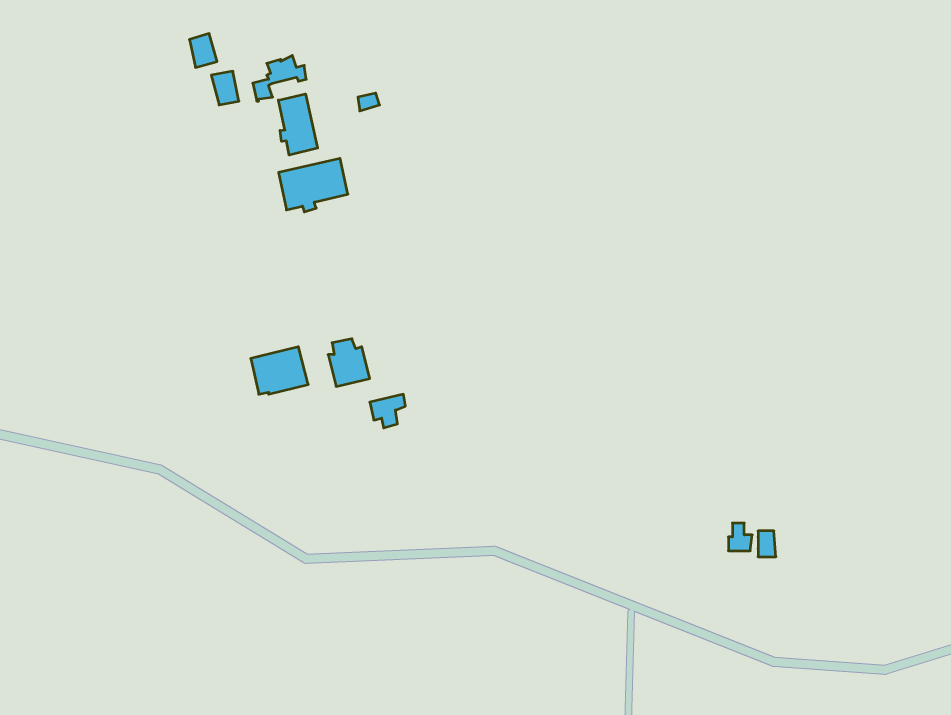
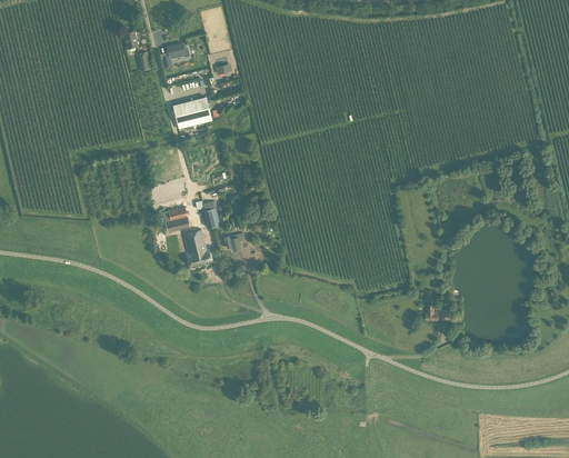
building: [278,94,318,155] -> none
building: none -> [183,228,210,265]

